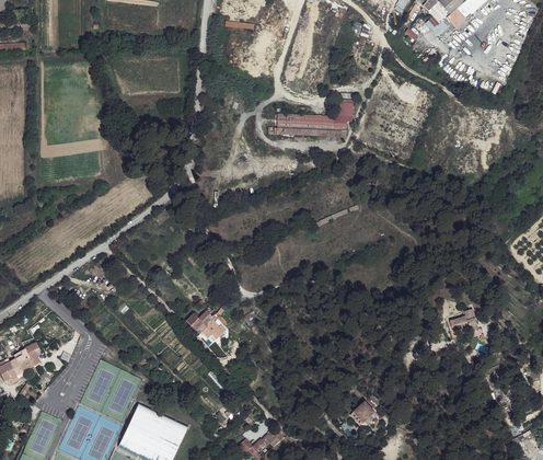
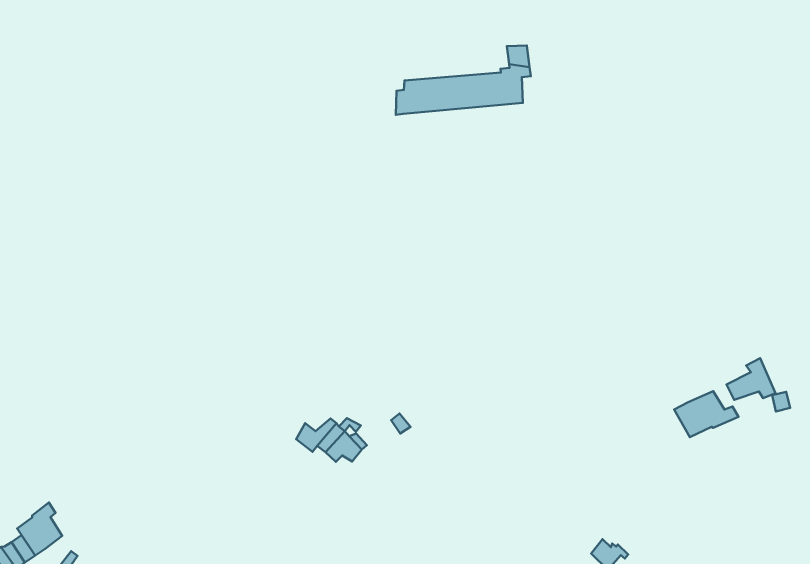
building: none -> [674,391,738,437]

